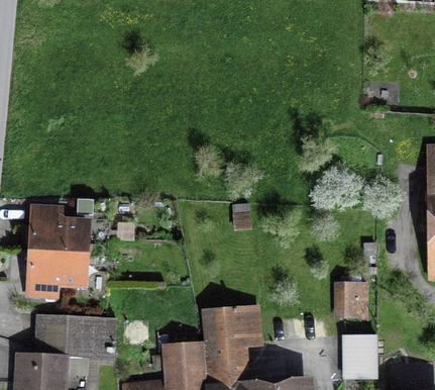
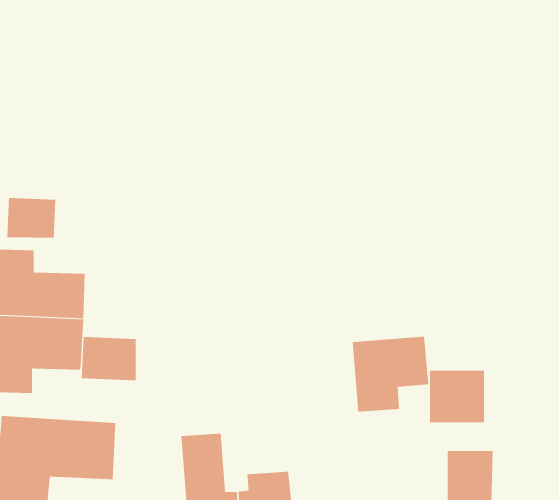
building: none -> [7,197,56,239]
building: none -> [81,336,136,381]
building: [203,305,256,358] -> [352,336,429,412]

